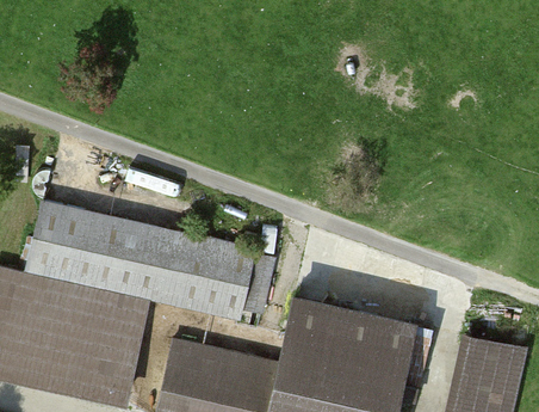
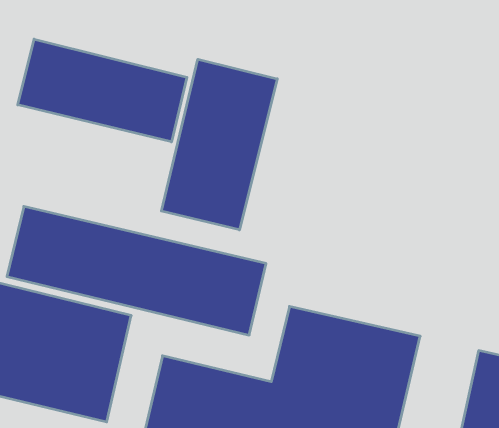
building: none -> [18,39,187,142]
building: none -> [161,59,277,230]

